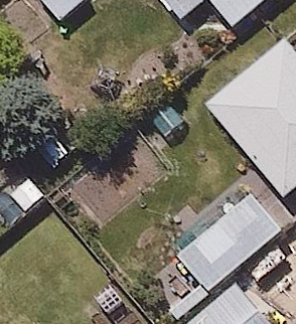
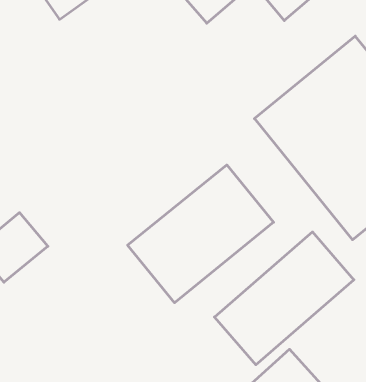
building: none -> [128,165,274,303]

